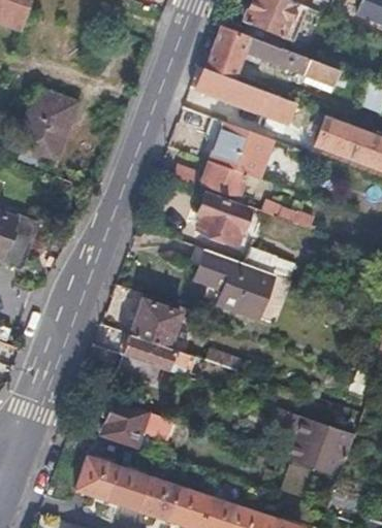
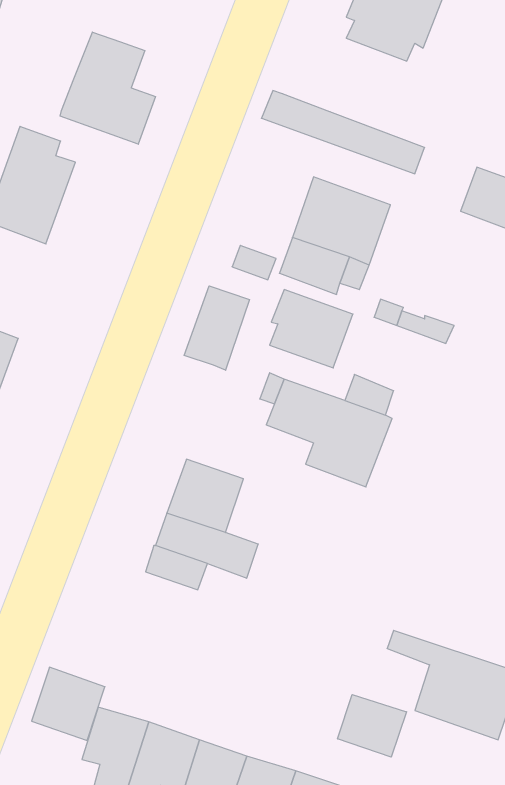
building: [204,25,339,87] -> none
building: none -> [60,32,155,144]
building: none -> [184,286,249,370]
building: [103,399,150,446] -> [32,667,105,741]
building: none -> [338,695,407,757]

